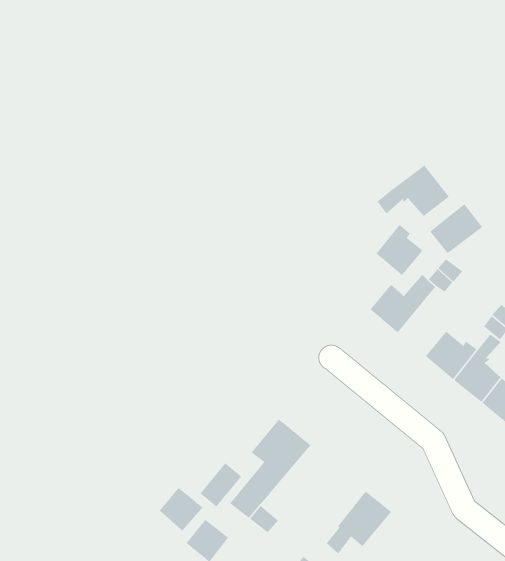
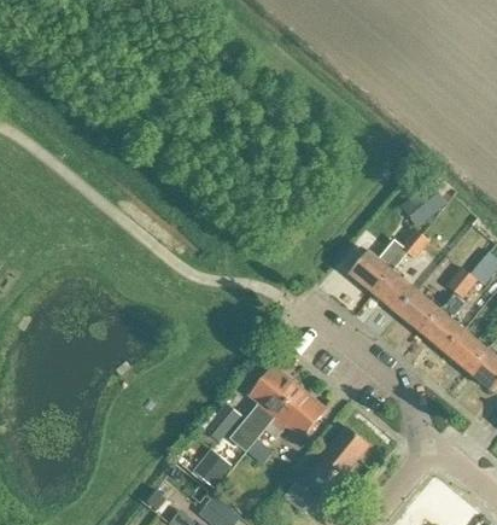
building: [377,164,450,217] -> none
building: [375,224,424,276] -> [374,268,415,313]
building: none -> [265,389,326,439]
building: [159,487,203,531] -> none

